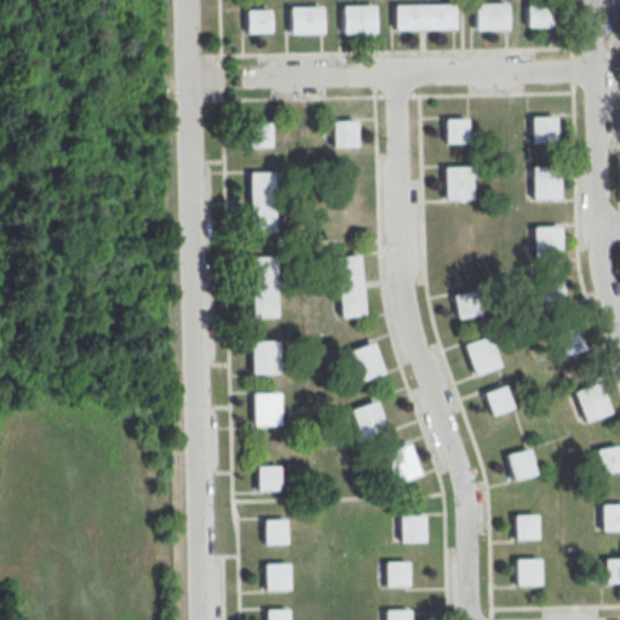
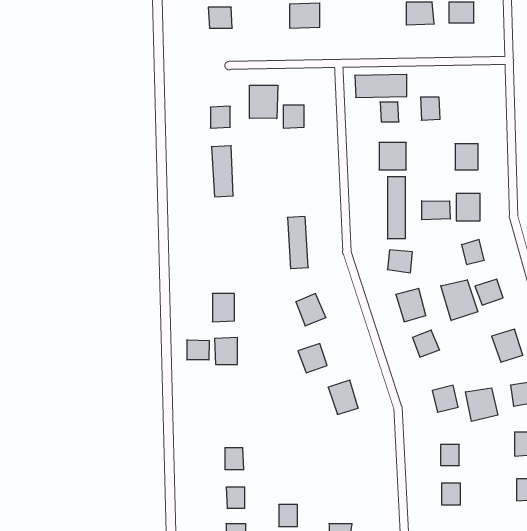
building: [293,6,327,33] -> none
building: [397,6,458,33] -> [355,74,407,97]
building: none -> [250,85,278,119]
building: [534,117,557,144] -> [420,97,440,120]
building: none -> [388,177,405,239]
building: none -> [422,201,450,220]
building: [254,258,277,317] -> none
building: none -> [441,280,478,321]
building: none -> [187,340,209,360]
building: none -> [466,388,498,421]
building: [260,467,282,493] -> none
building: [406,518,427,544] -> none
building: [390,563,412,589] -> [279,505,297,526]

